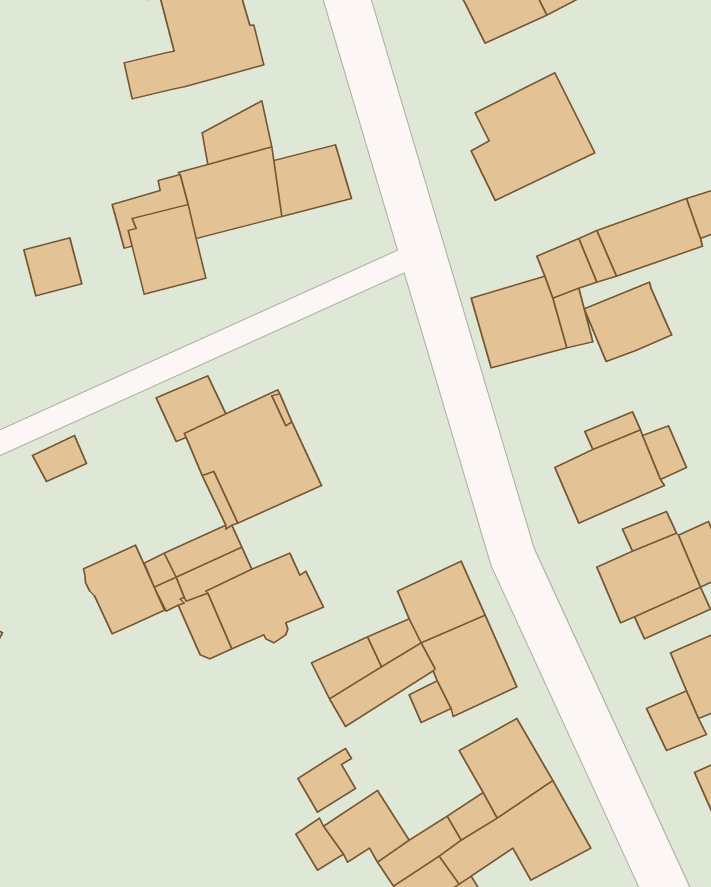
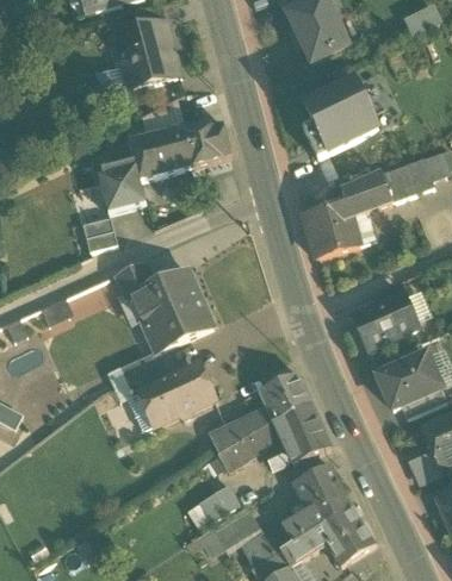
building: [24,238,82,296] -> [82,217,117,251]
building: [584,282,672,362] -> none
building: [83,545,164,634] -> none

